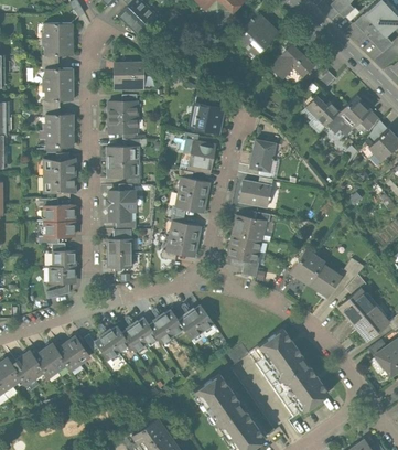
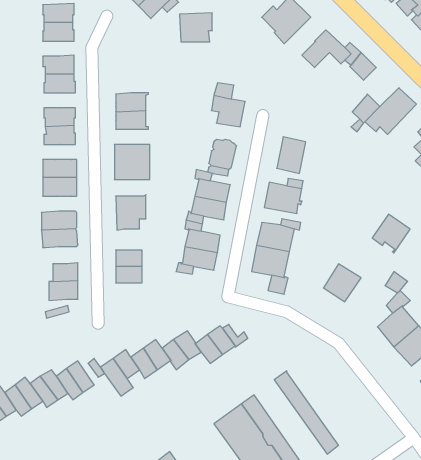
building: [114,63,142,88] -> [180,13,212,42]
building: [309,264,342,298] -> [372,214,410,253]
building: [258,329,327,410] -> none

